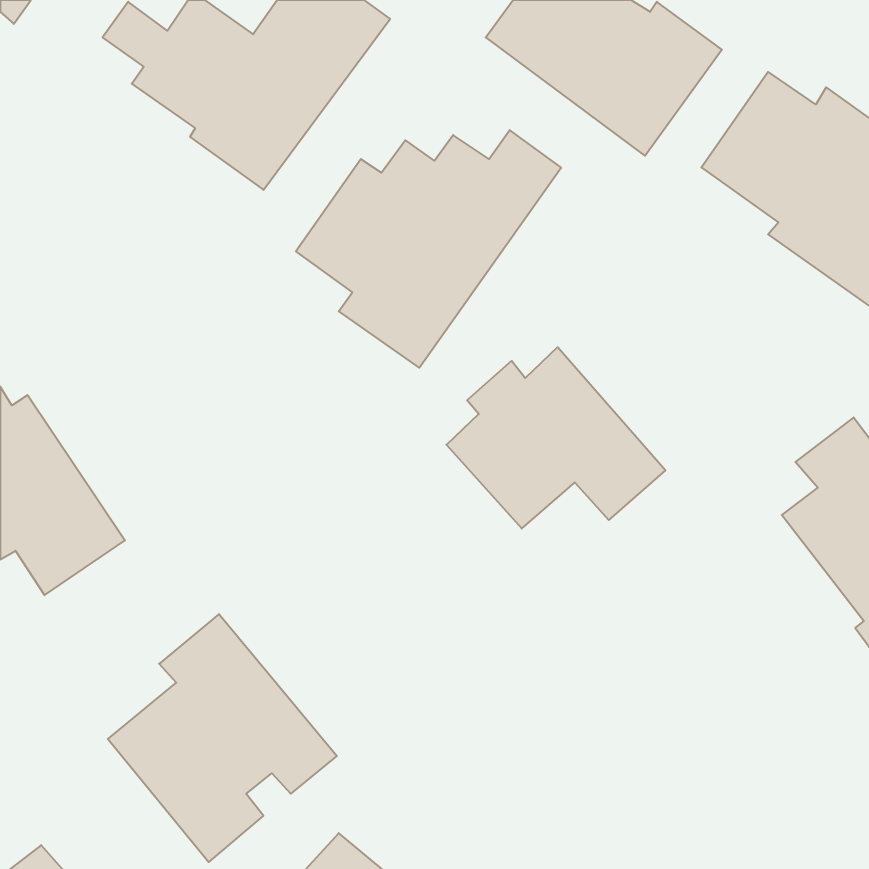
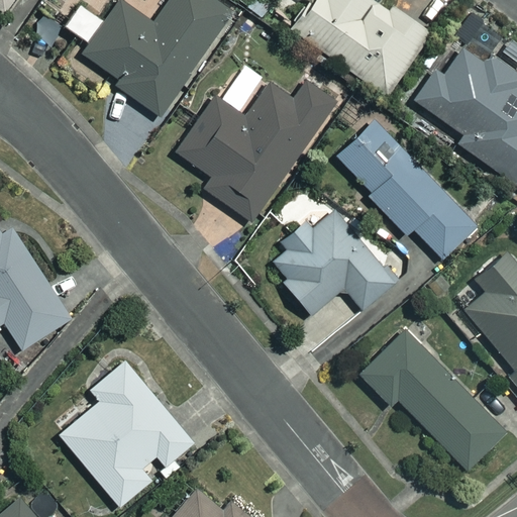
building: none -> [334,114,477,258]
building: none -> [358,329,504,493]

